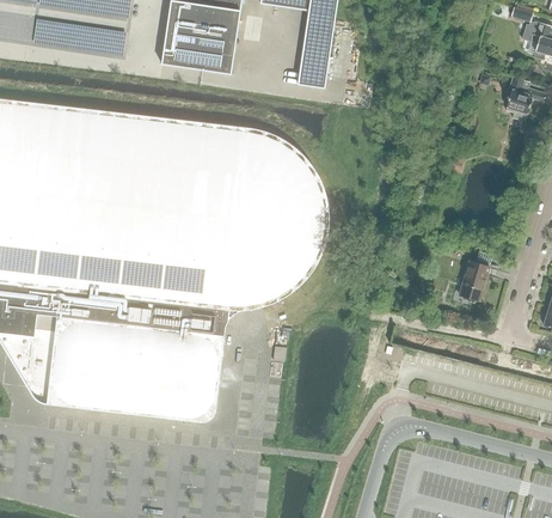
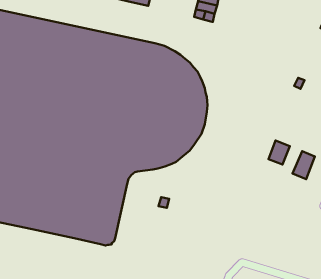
building: none -> [269,141,290,164]

